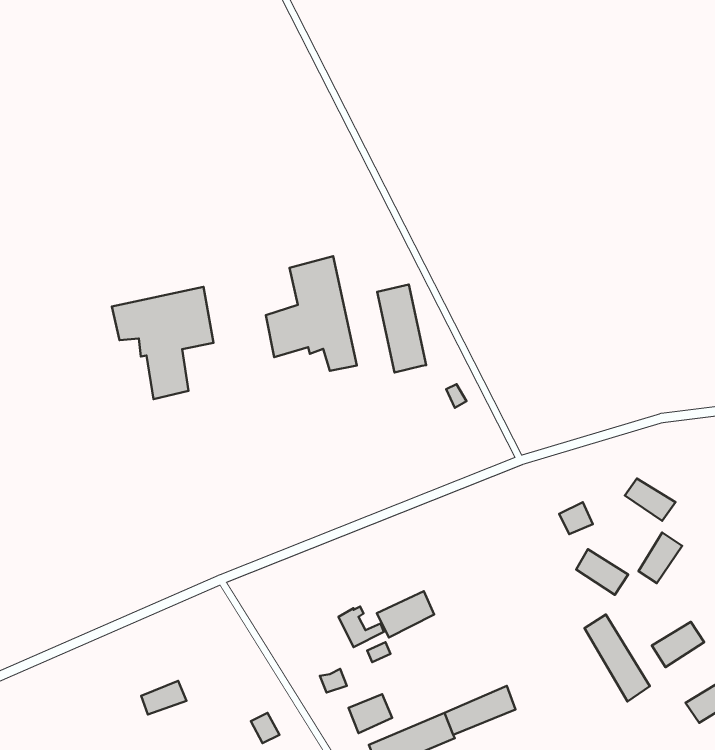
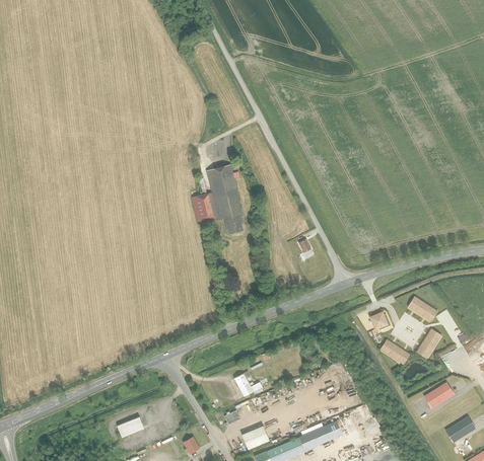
building: [377,285,426,373] -> none
building: [112,287,214,399] -> none
building: [377,591,434,638] -> none
building: [584,614,650,702] -> none

